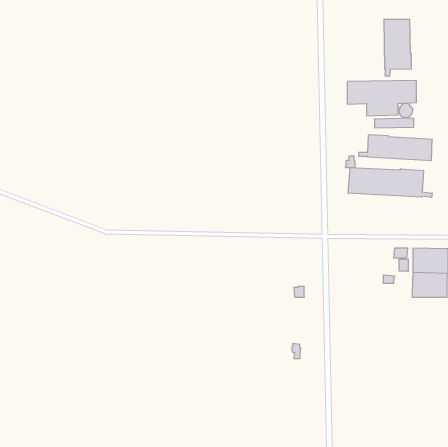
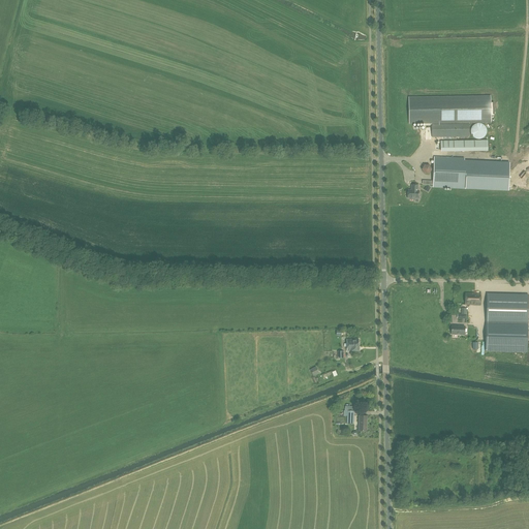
building: [384,19,411,76] -> none
building: [348,167,432,197] -> none

